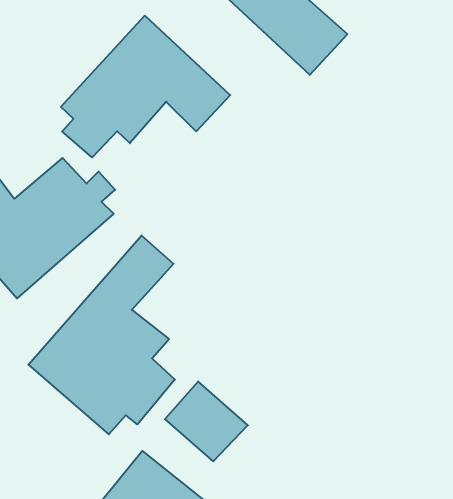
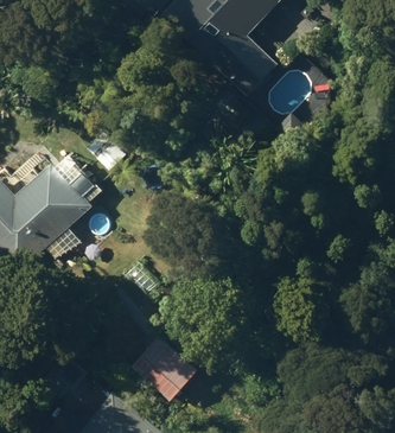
building: [61,16,230,157] -> none
building: [28,235,175,434] -> none

